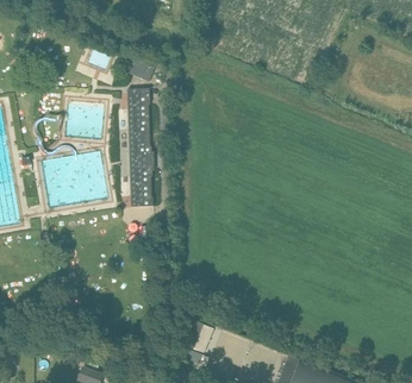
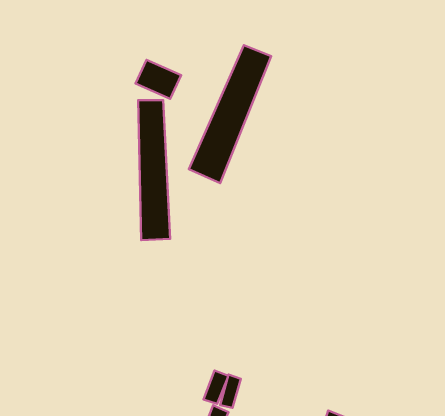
building: none -> [189,45,271,183]

